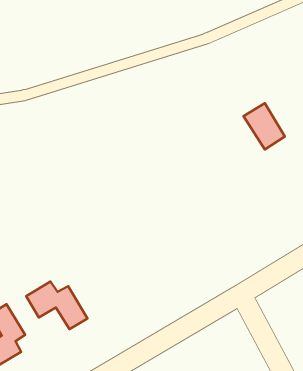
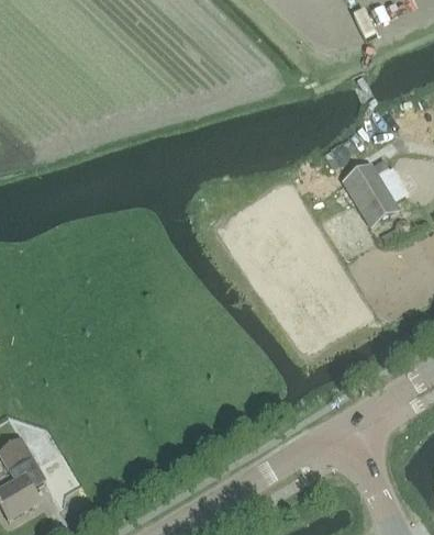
building: [26,281,87,329] -> none

